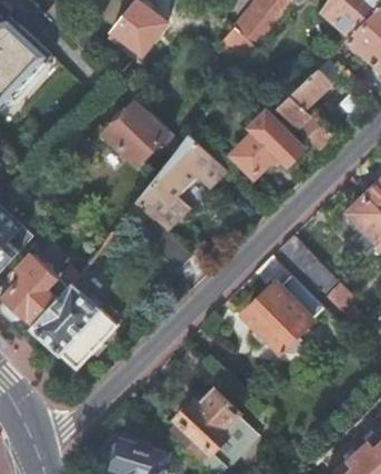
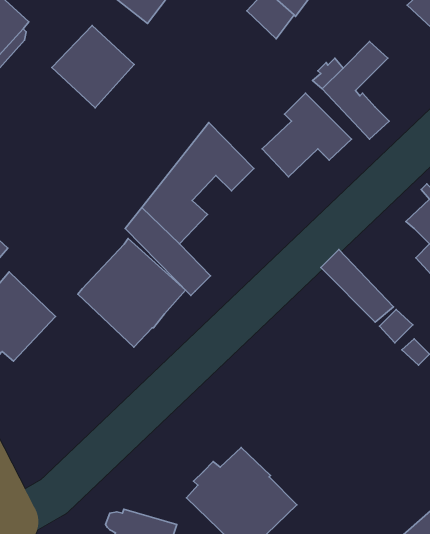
building: [103,102,168,167] -> [52,26,134,108]
building: [245,256,323,352] -> none
building: [32,284,117,370] -> [78,238,186,347]

